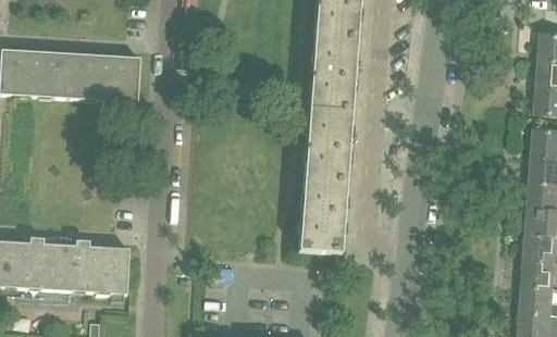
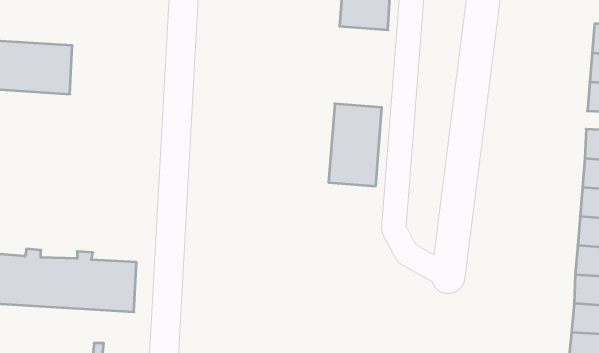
building: [310,36,358,109] -> none
building: [72,53,141,101] -> none
building: [299,176,347,250] -> none

